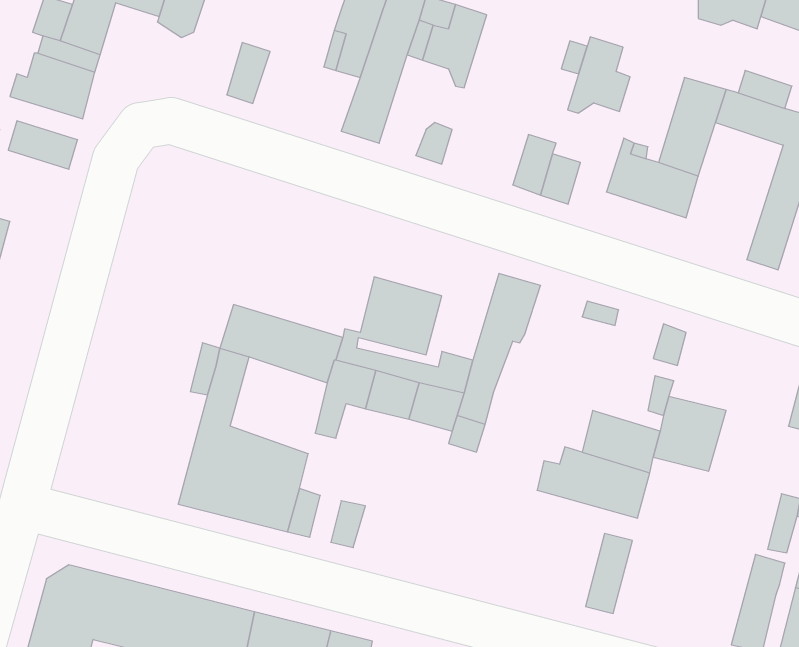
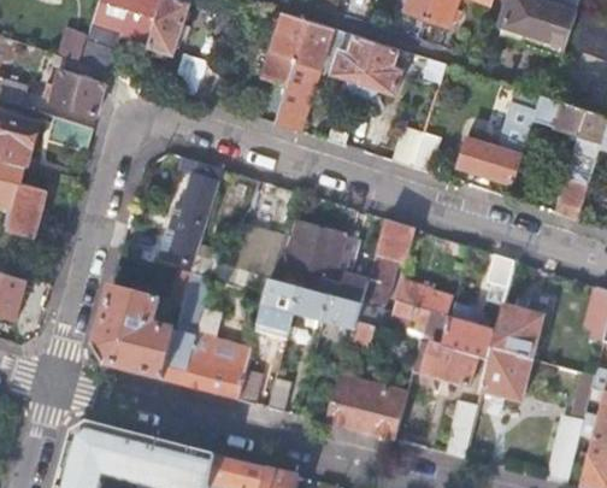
building: [568,37,630,113] -> [360,41,403,94]
building: none -> [165,163,222,266]
building: none -> [390,282,450,336]
building: none -> [93,287,175,381]
building: none -> [481,348,530,401]
building: none -> [325,375,406,439]

